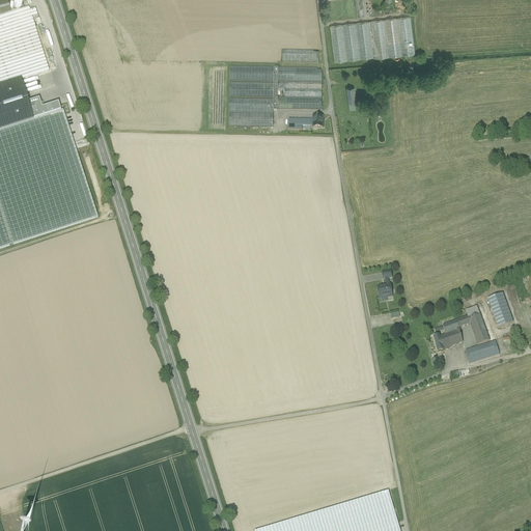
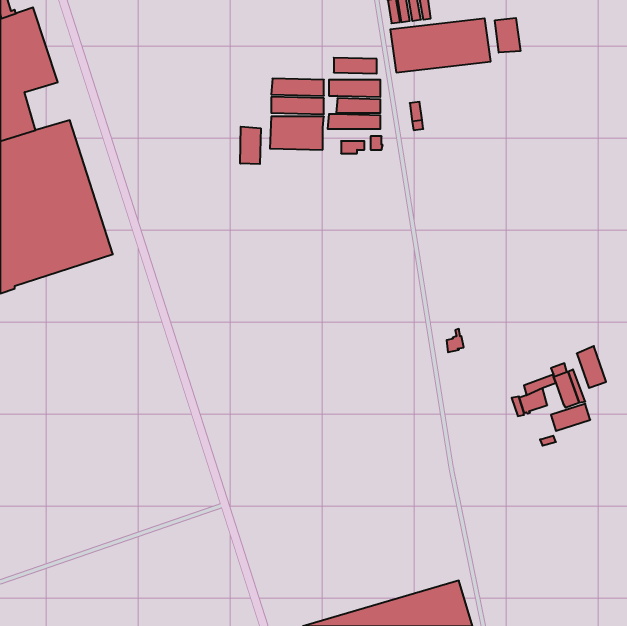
building: none -> [495,18,520,53]
building: none -> [240,127,261,164]

